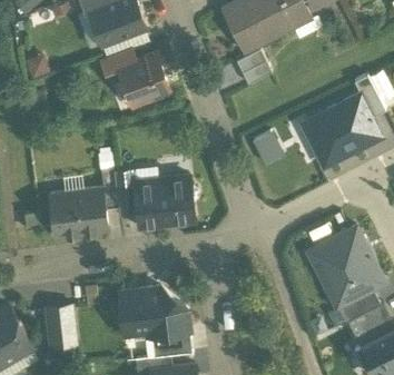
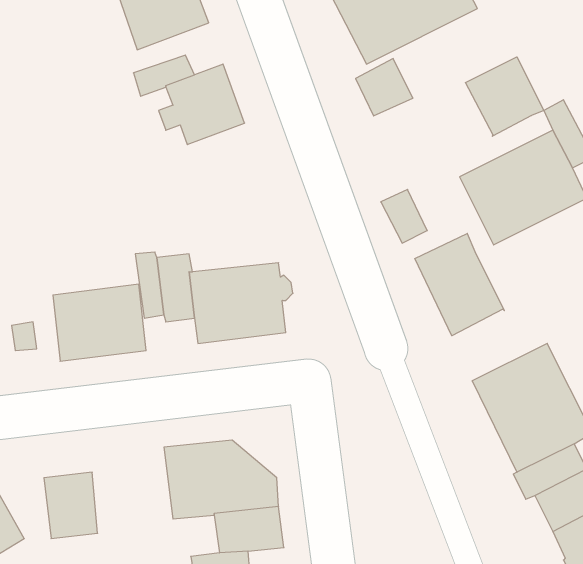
building: none -> [465,57,544,136]
building: none -> [415,233,504,336]

